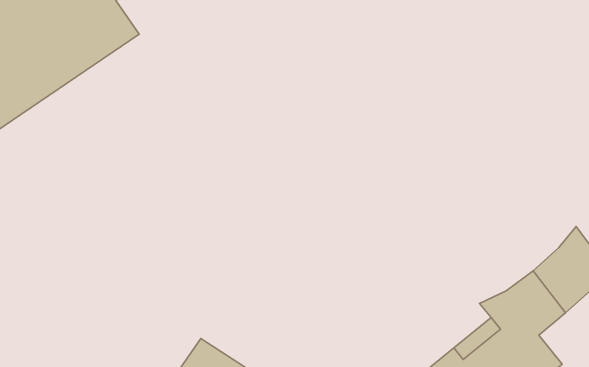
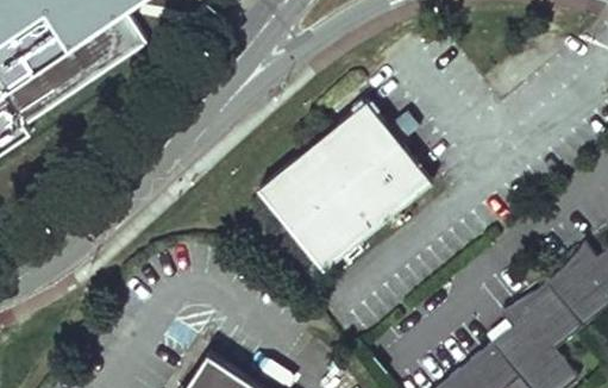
building: none -> [257,104,430,273]

